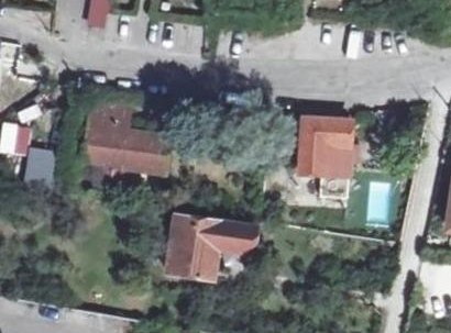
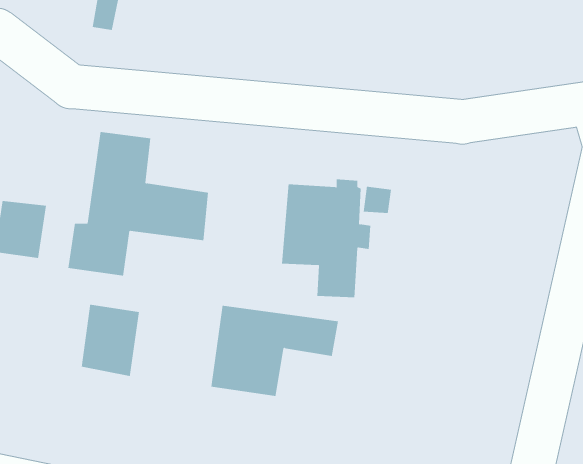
building: [298,115,360,197] -> [281,179,371,298]
building: none -> [81,304,140,377]

